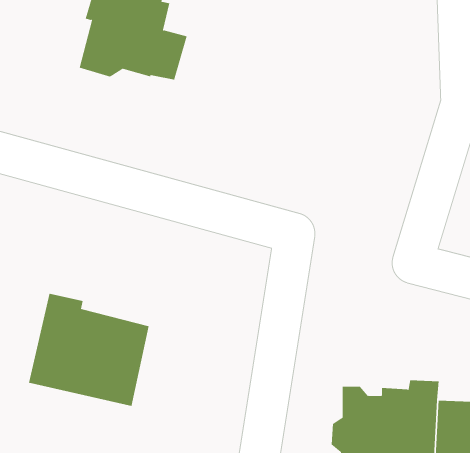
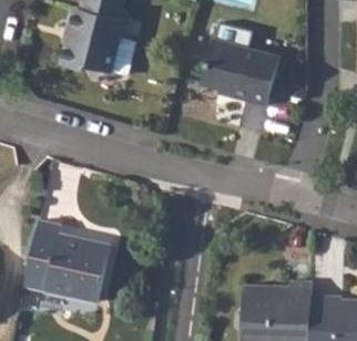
building: none -> [201,39,279,105]

